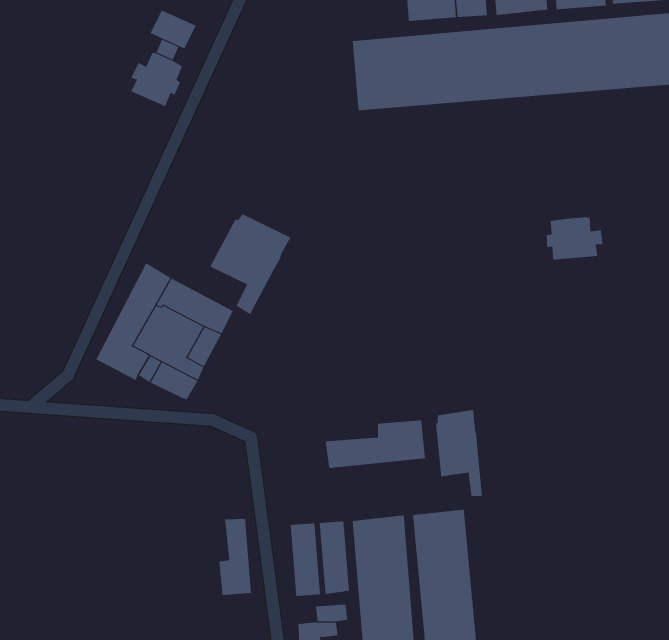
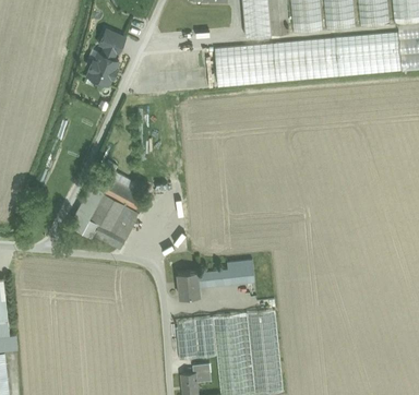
building: [210,214,291,315] -> none
building: [546,216,603,260] -> none
building: [435,409,483,497] -> none
building: none -> [179,273,200,298]
building: [219,518,251,596] -> none

